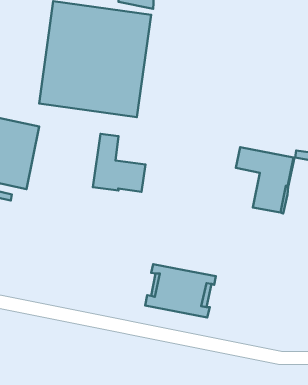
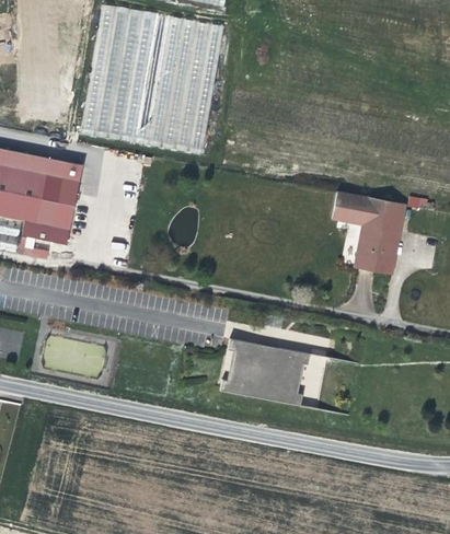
building: [93,134,146,192] -> none

